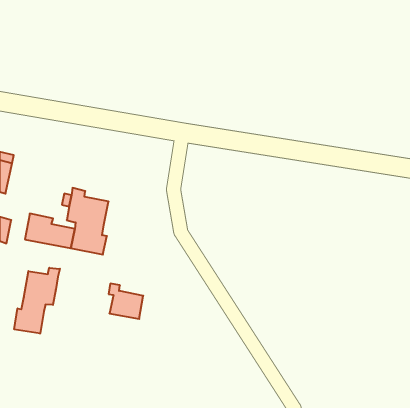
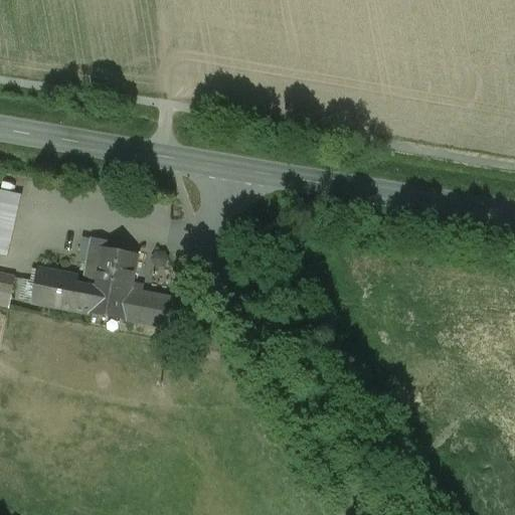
building: [14,268,60,334] -> none
building: [109,284,143,319] -> [128,282,171,326]

